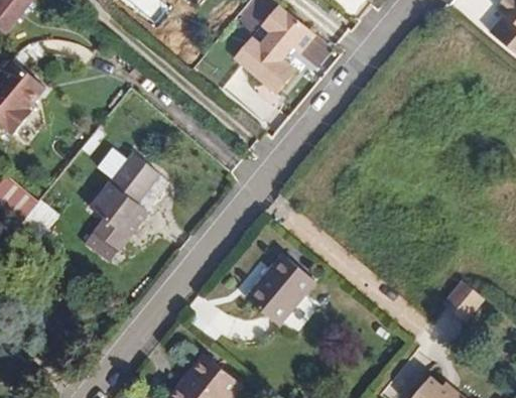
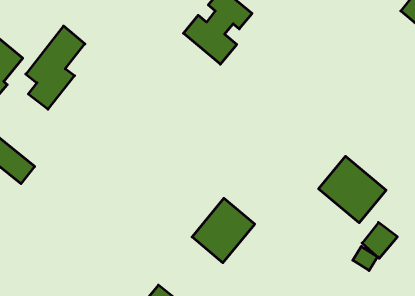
building: [90,152,159,250] -> [26,26,85,109]
building: none -> [319,156,386,223]

